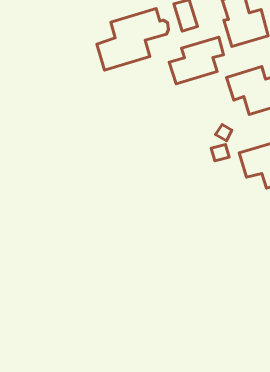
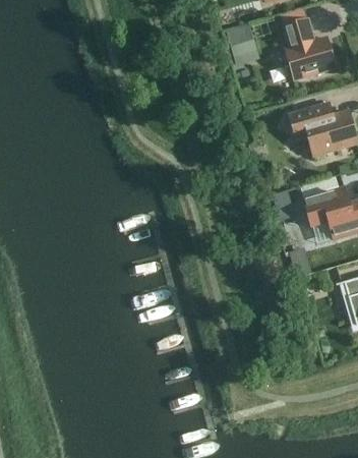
building: [97,9,169,70] -> none
building: [169,37,224,84] -> none

